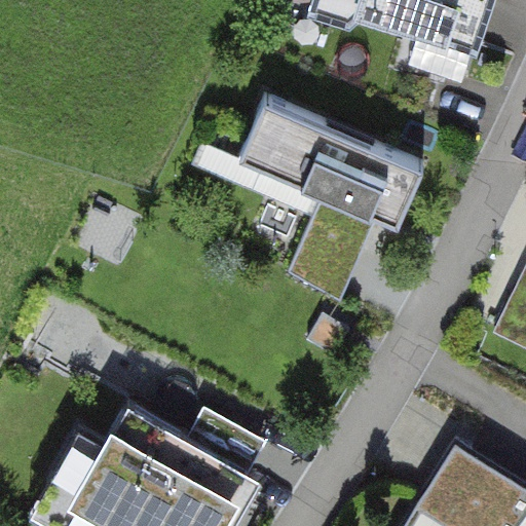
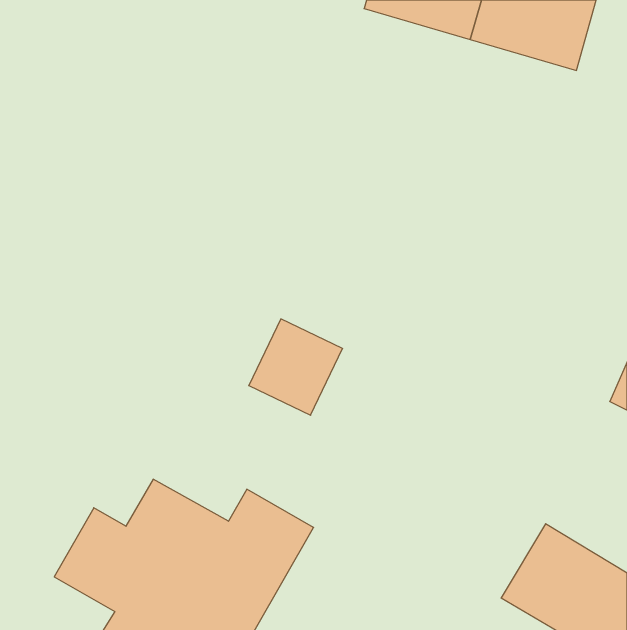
building: [230,106,424,242] -> none
building: [289,218,367,298] -> [249,319,343,415]

